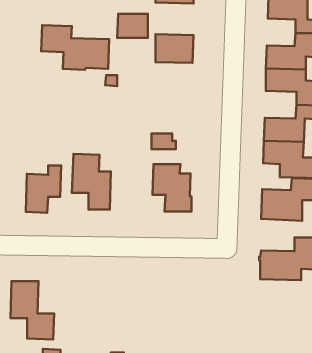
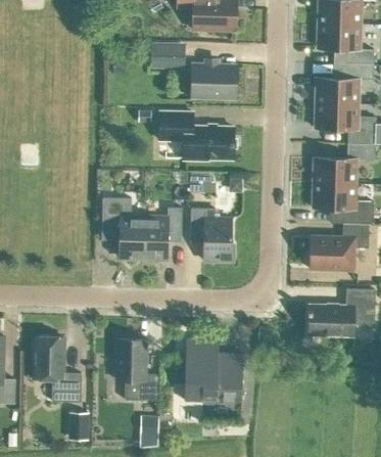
building: [41,25,109,70] -> [159,111,234,161]
building: [26,165,61,213] -> [143,208,182,260]
building: none -> [116,339,157,401]
building: none -> [184,339,242,402]

